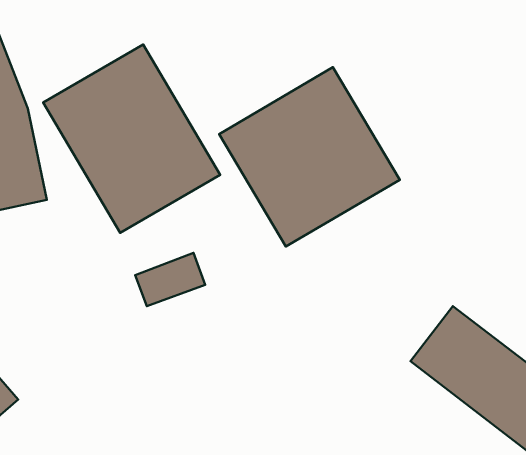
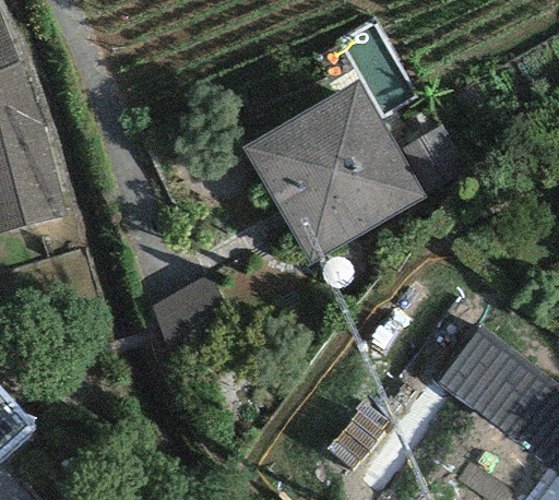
building: [43,44,220,233] -> none

